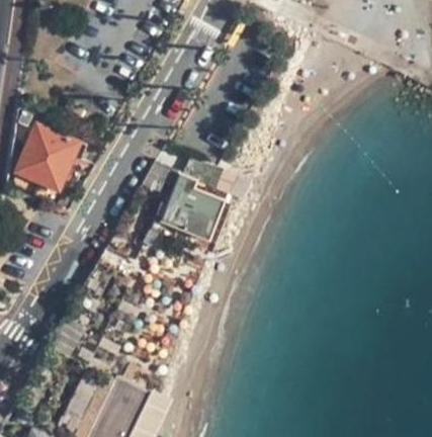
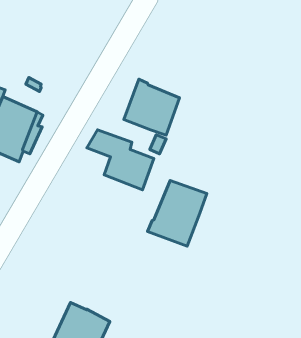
building: none -> [124,79,179,135]
building: none -> [148,181,207,246]

